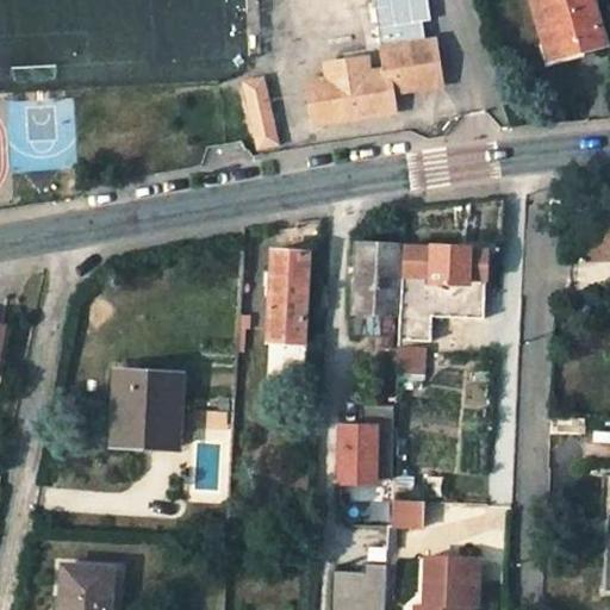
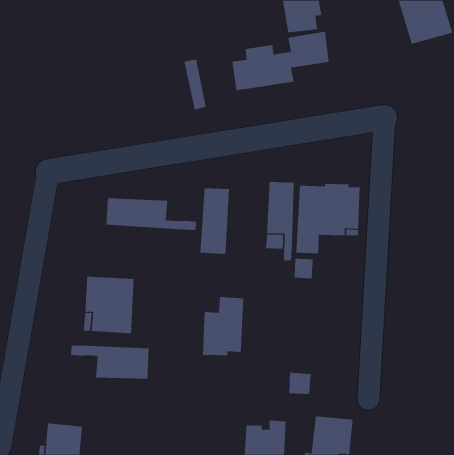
building: none -> [106,198,197,231]
building: [337,402,393,481] -> [202,296,244,356]
building: none -> [71,345,149,379]

